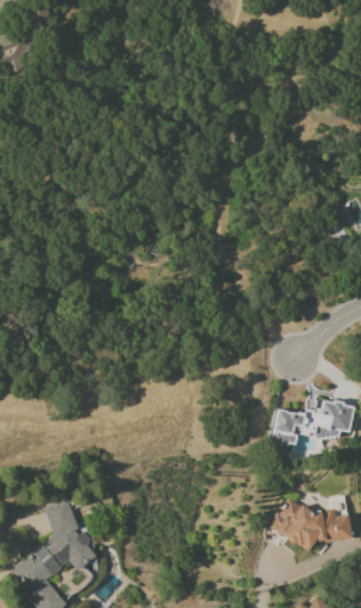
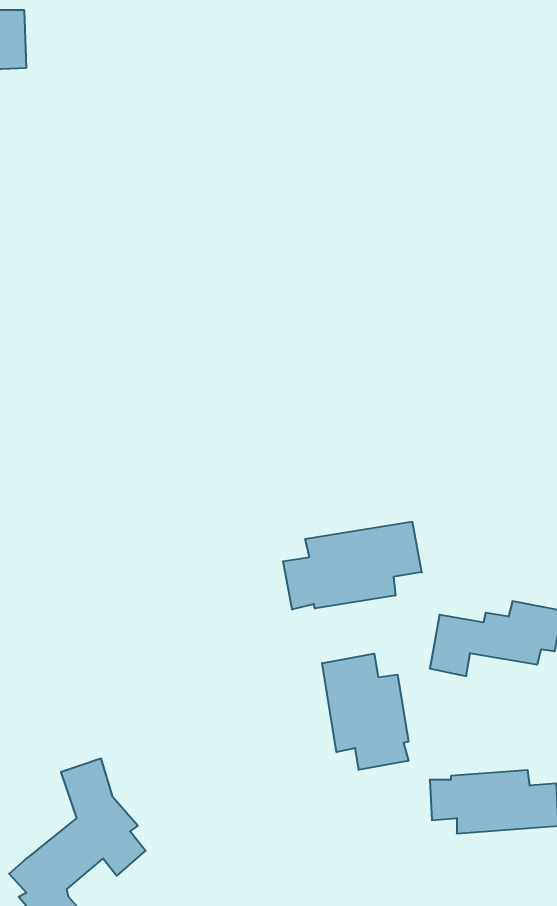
building: none -> [283,522,422,610]
building: none -> [322,654,409,770]

